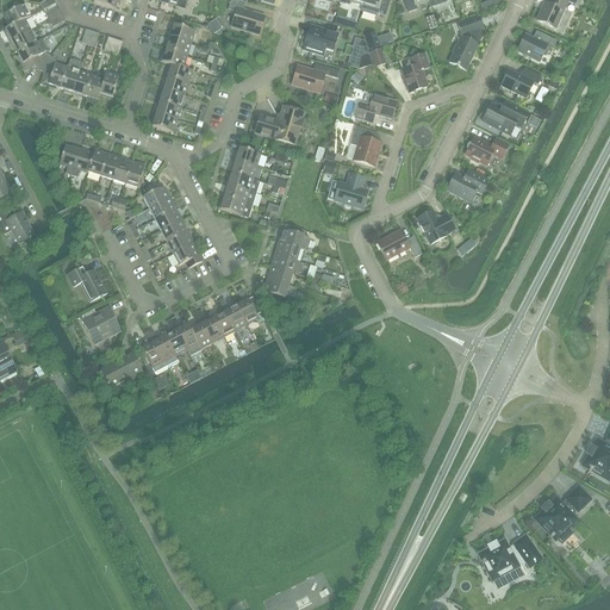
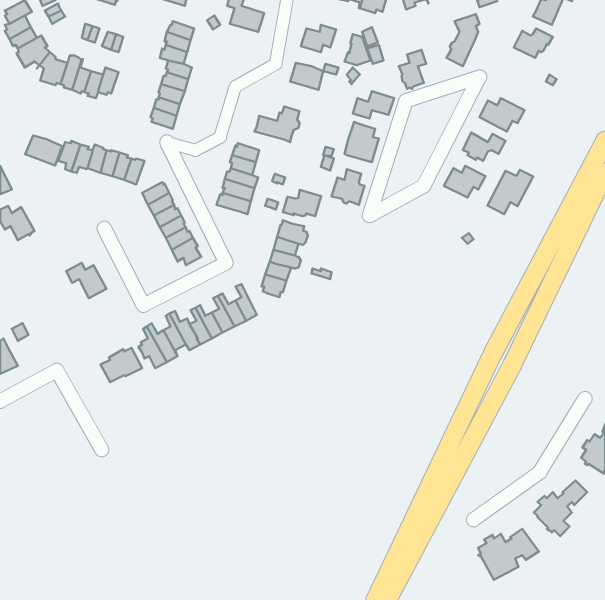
building: [500,64,542,95] -> none
building: none -> [25,135,62,166]
building: none -> [488,170,533,214]
building: none -> [283,190,321,216]
building: [417,207,455,241] -> none
building: [376,226,422,257] -> none
building: [82,303,120,342] -> none

